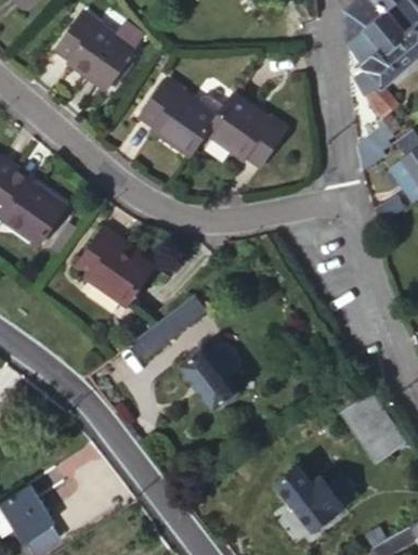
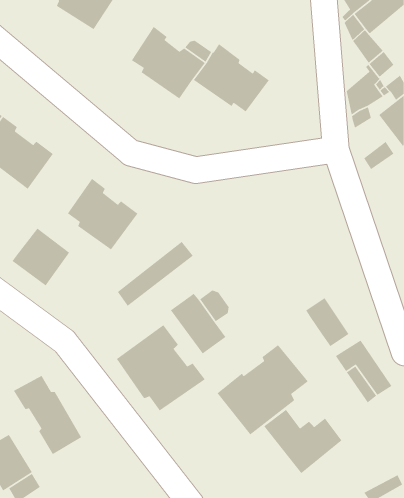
building: none -> [12,227,70,286]
building: none -> [305,297,350,347]
building: none -> [116,324,206,412]
building: none -> [216,344,309,436]
building: none -> [13,375,82,455]

